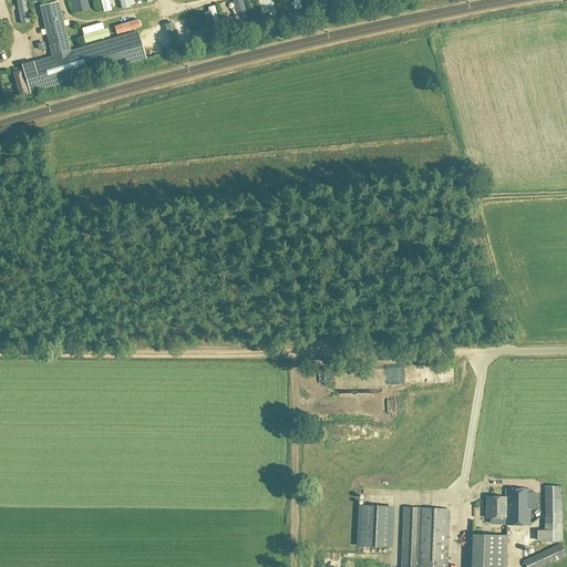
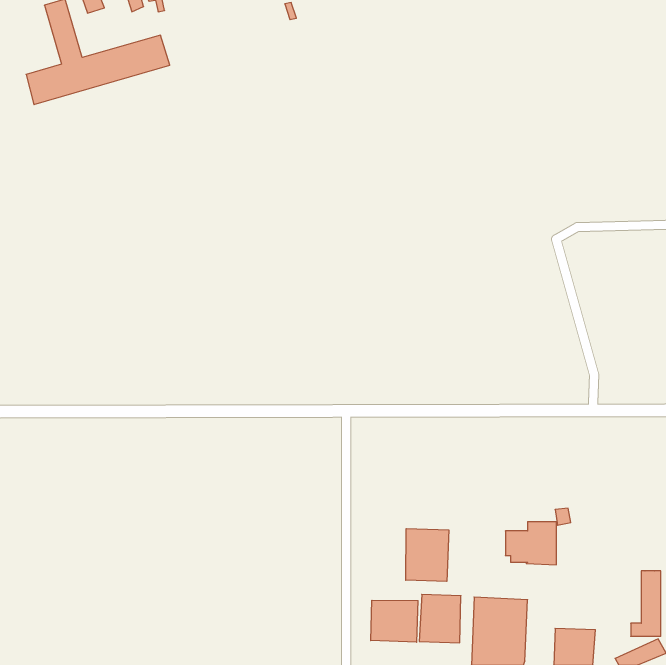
building: none -> [406,529,449,581]
building: [485,487,528,524] -> [505,522,556,565]
building: none -> [371,600,418,642]

